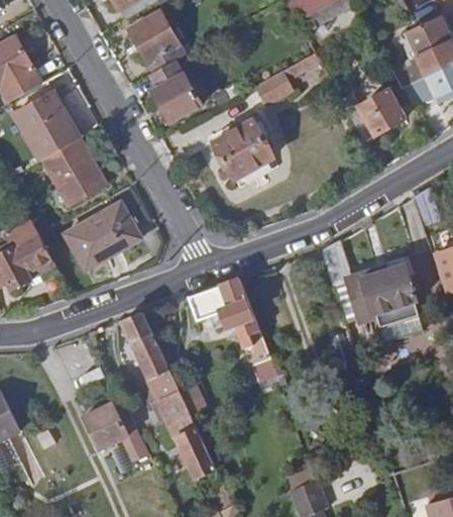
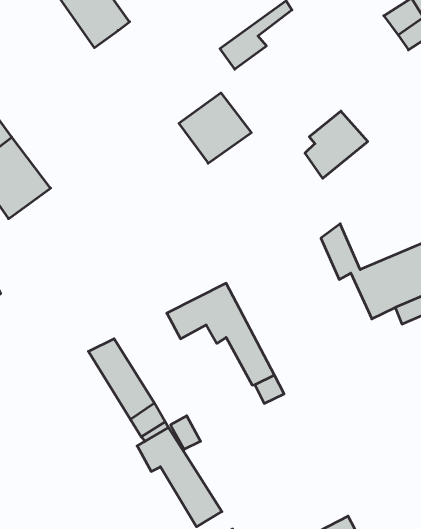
building: [148,61,200,121] -> none
building: [351,87,404,140] -> [305,111,368,178]
building: [65,202,141,270] -> none
building: [81,397,147,459] -> none

